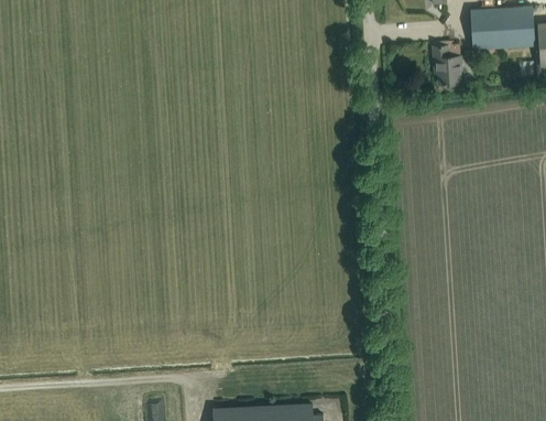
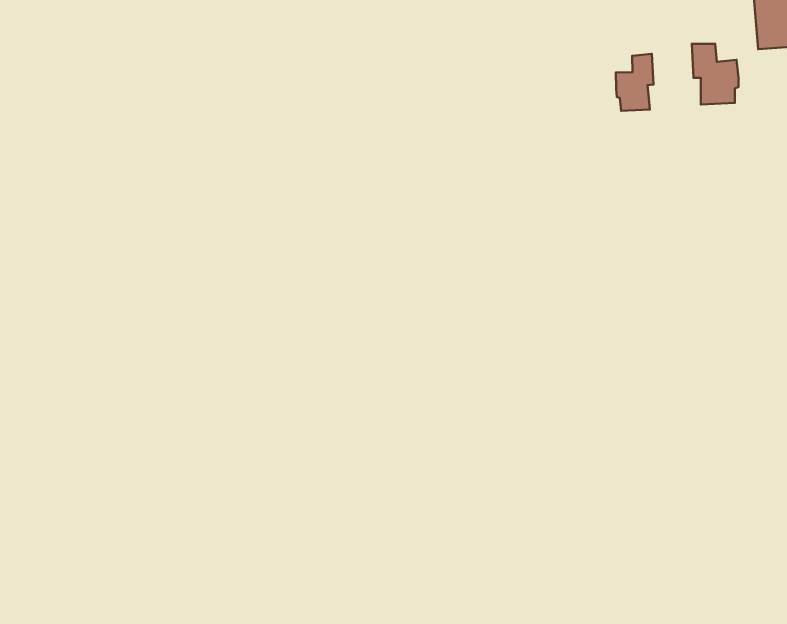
building: none -> [616,54,653,111]

